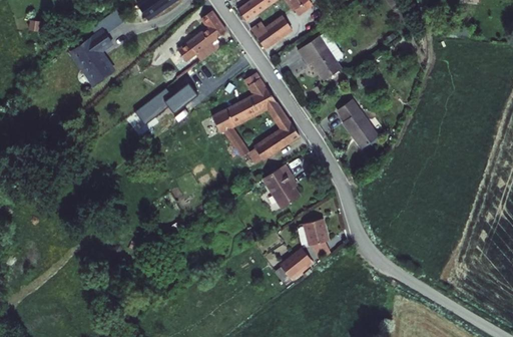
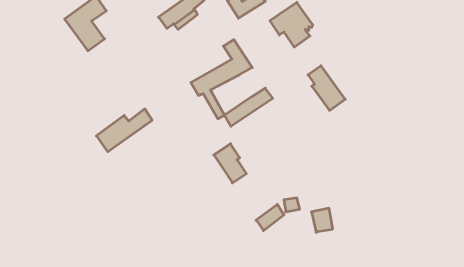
building: [134,82,194,128] -> [96,109,152,152]
building: [264,102,292,133] -> none
building: [267,163,302,206] -> [214,144,246,183]
building: [305,220,328,246] -> [311,208,333,232]

